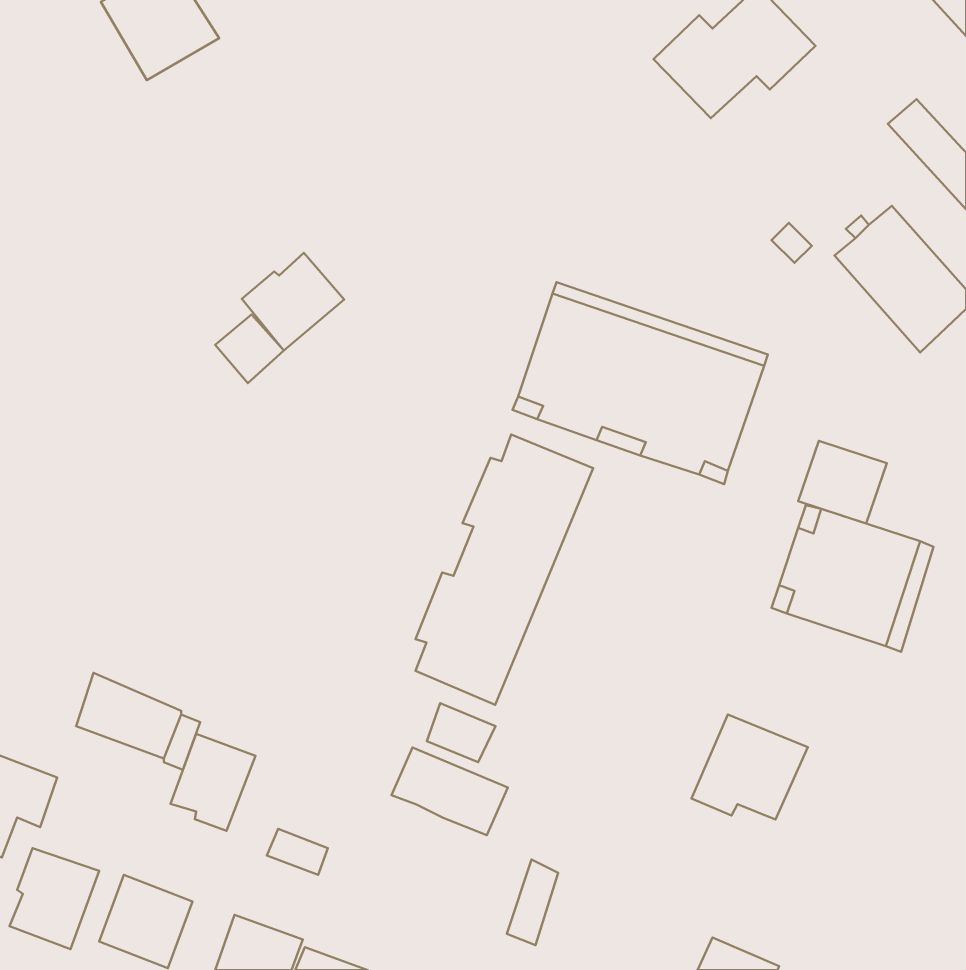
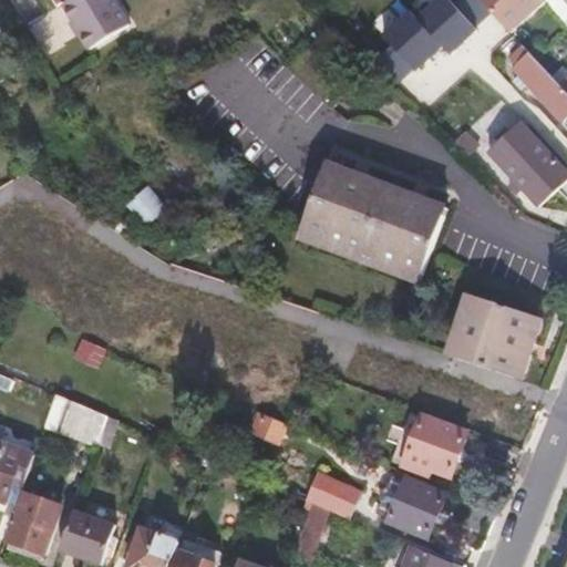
building: [242,253,344,351] -> none
building: [415,435,593,705] -> none
building: [798,441,887,523] -> none
building: [171,734,255,831] -> none
building: [392,747,508,835] -> [295,466,362,517]
building: none -> [388,482,444,540]

